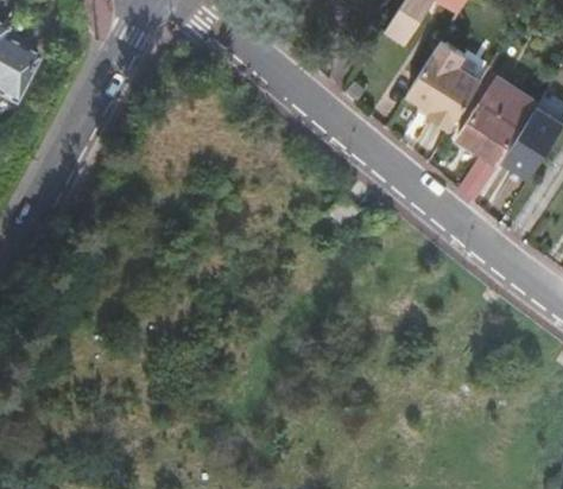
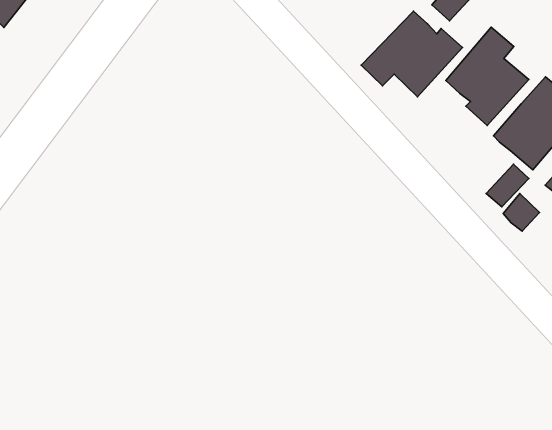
building: none -> [361,11,462,97]

